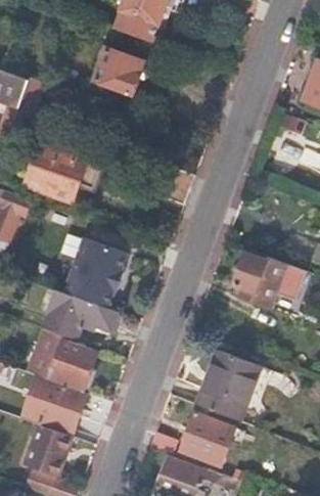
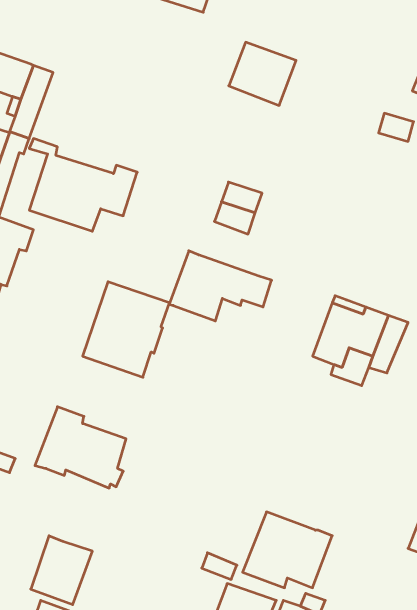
building: [93,49,142,95] -> [229,42,296,105]
building: [42,288,117,340] -> [169,251,272,321]
building: [192,350,255,418] -> none
building: [22,373,86,429] -> none

